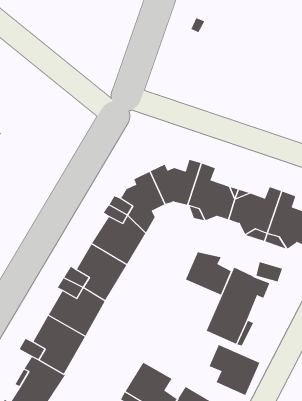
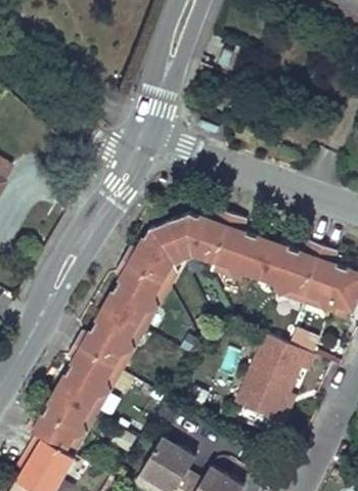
building: [185,251,231,296] -> none
building: [209,344,260,396] -> none

